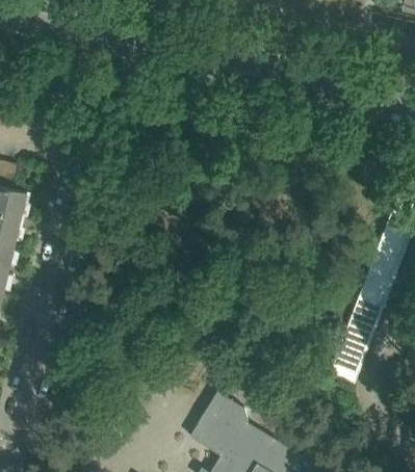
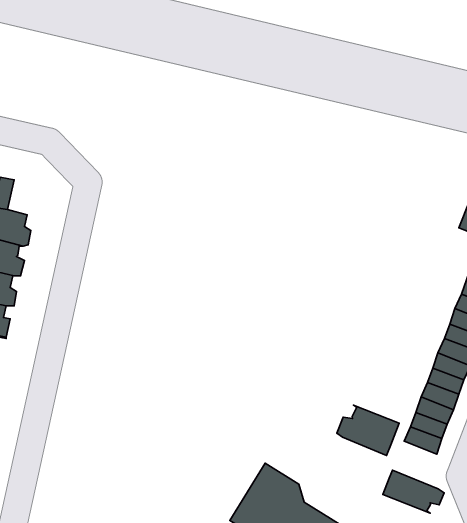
building: none -> [337,405,399,456]
building: none -> [383,470,444,513]

